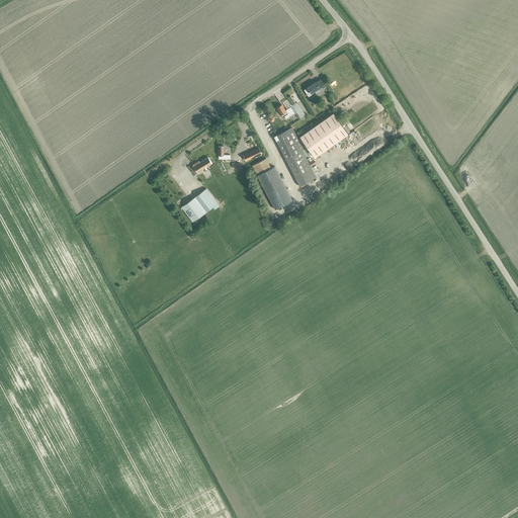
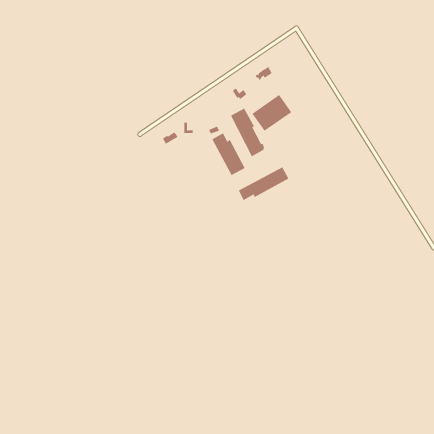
building: [183,188,218,221] -> none
building: none -> [238,166,289,201]

